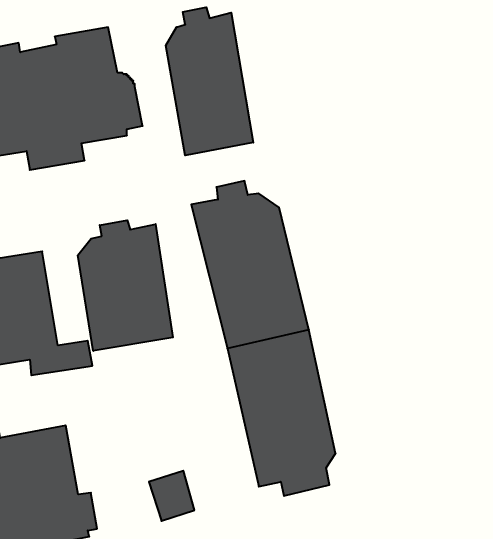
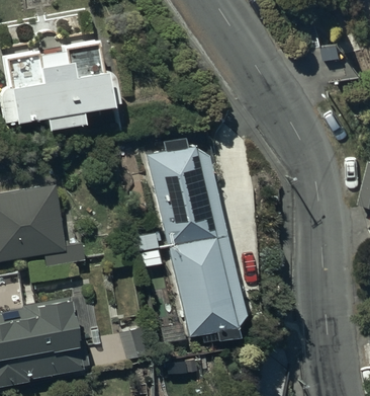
building: [166,7,253,155] -> none
building: [78,220,173,351] -> none

